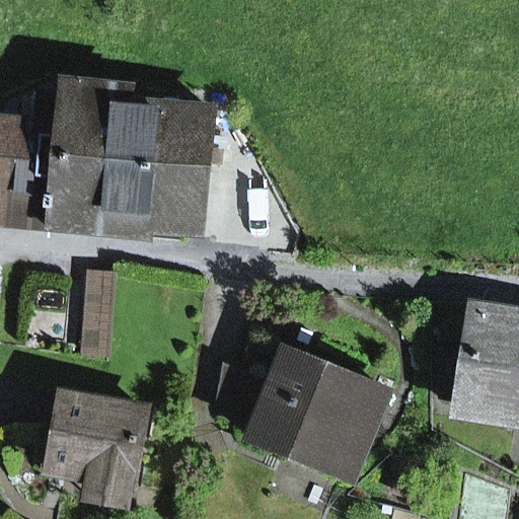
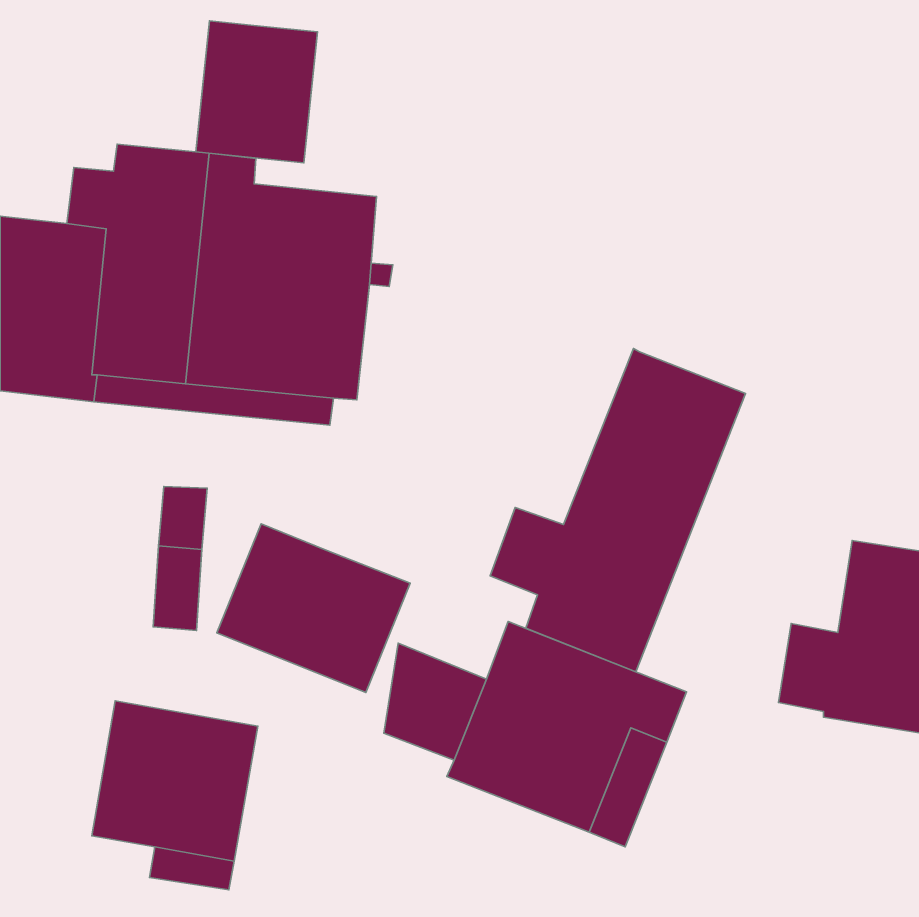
building: none -> [196,21,318,163]
building: none -> [490,349,746,672]
building: none -> [217,524,410,693]

